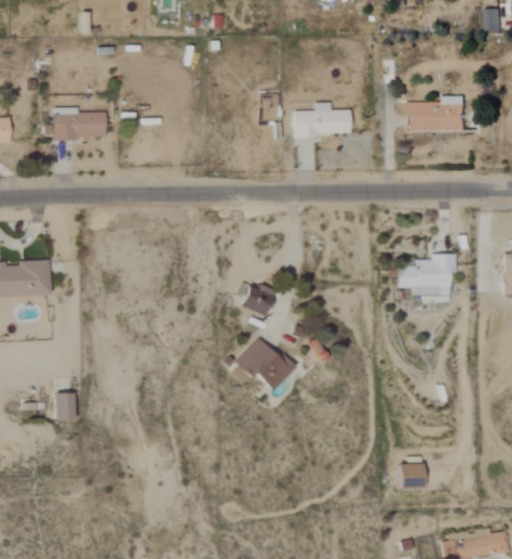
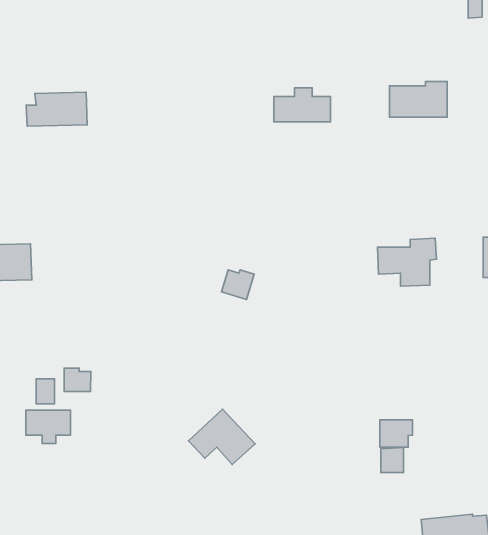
building: [226,335,293,391] -> [189,409,255,465]
building: none -> [64,368,91,392]
building: none -> [26,410,70,444]
building: none -> [380,420,412,447]

